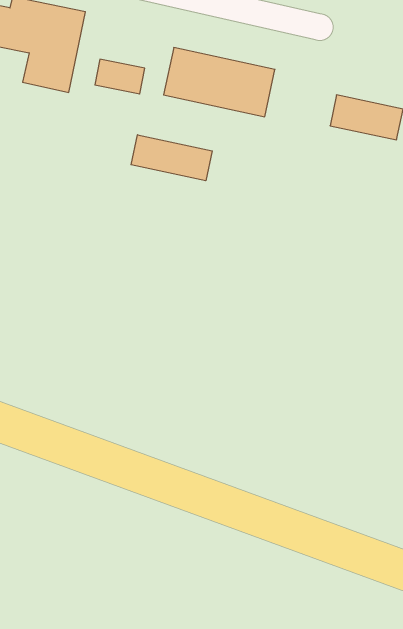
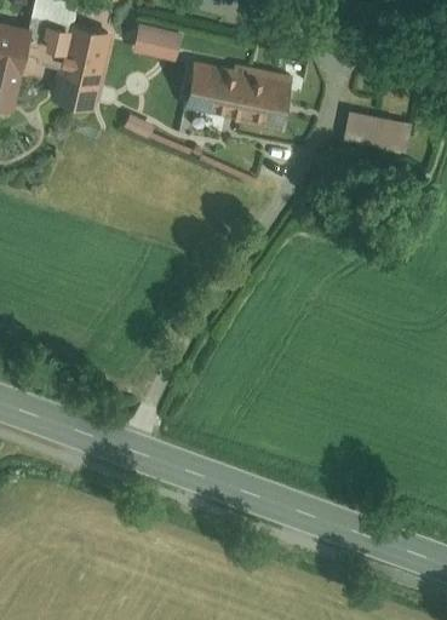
building: [95,59,145,94] -> [133,25,180,58]
building: [131,135,212,181] -> none

